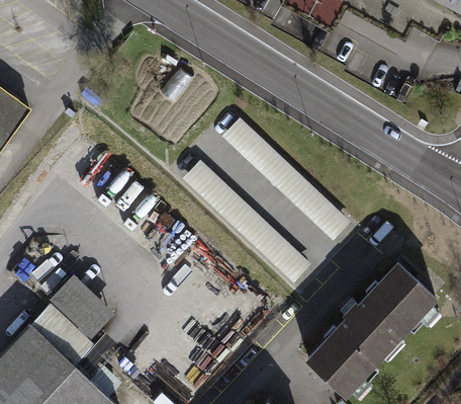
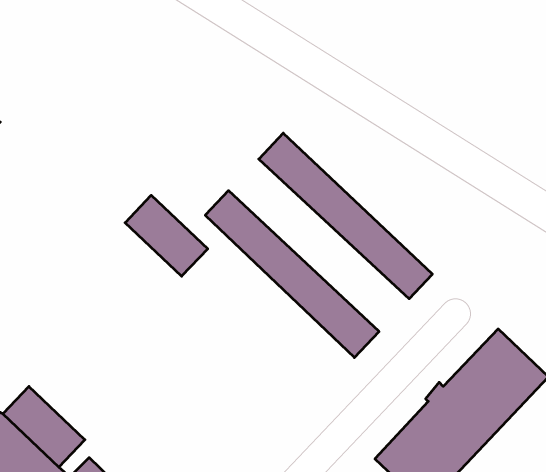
building: none -> [125,195,208,276]
building: [56,280,110,334] -> none

